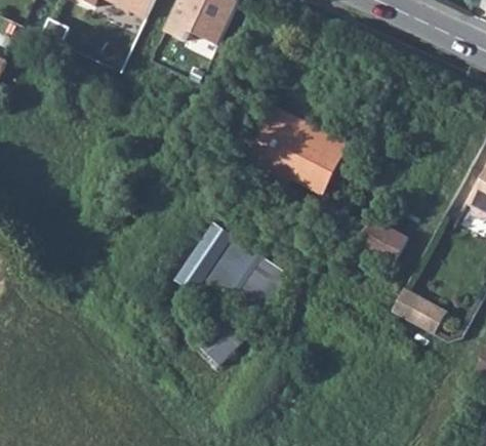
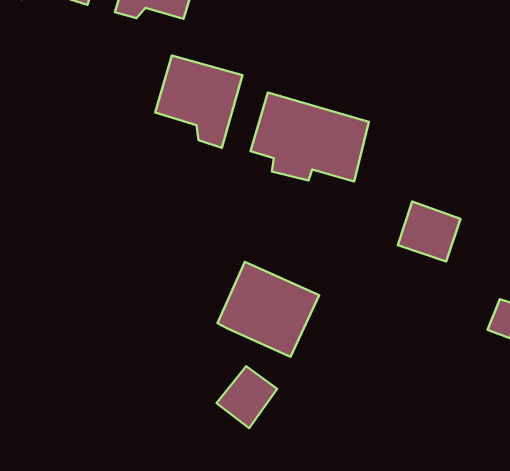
building: none -> [155,56,243,148]
building: [171,226,235,302] -> none
building: [391,284,431,322] -> none

